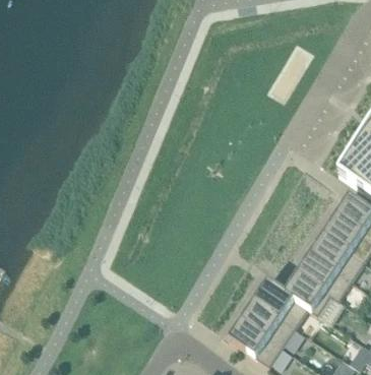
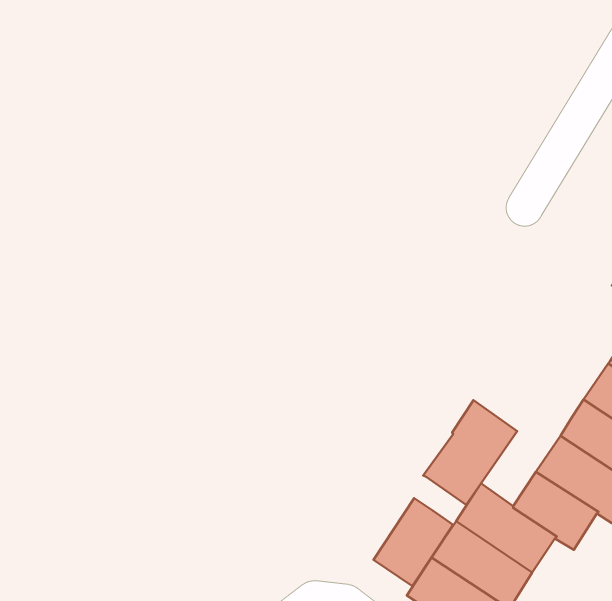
building: none -> [423,400,517,505]
building: none -> [374,498,453,586]

